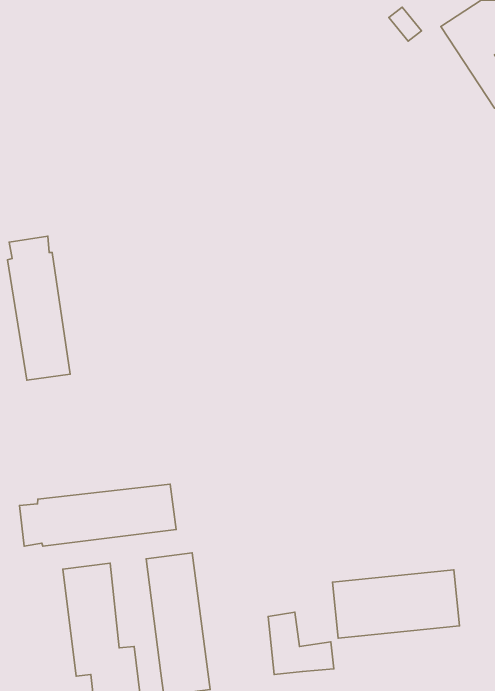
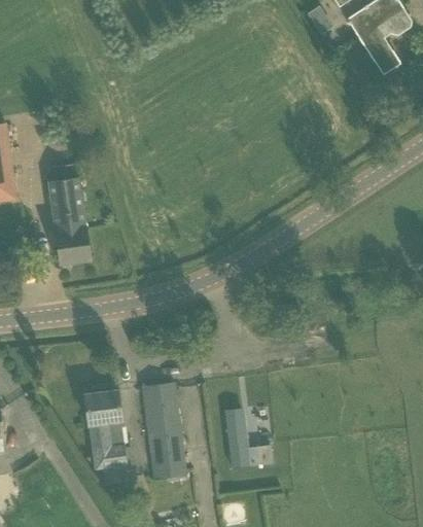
building: [19,484,176,546] -> none
building: [332,570,460,638] -> none

